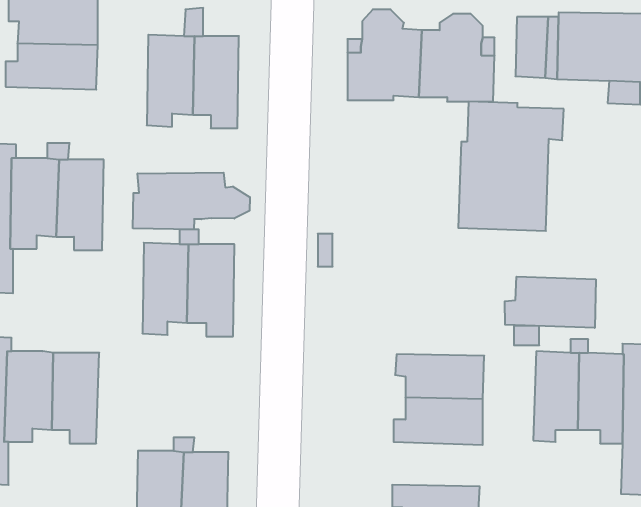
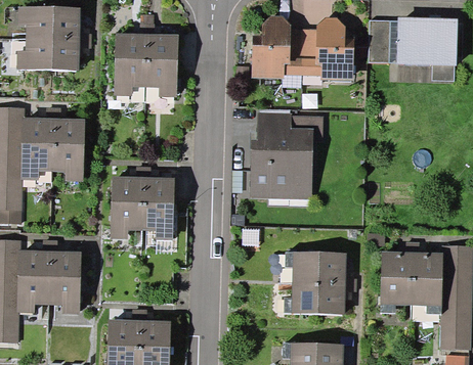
building: [458,102,564,231] -> [250,111,322,200]
building: [133,173,250,229] -> none
building: [505,277,596,328] -> none

